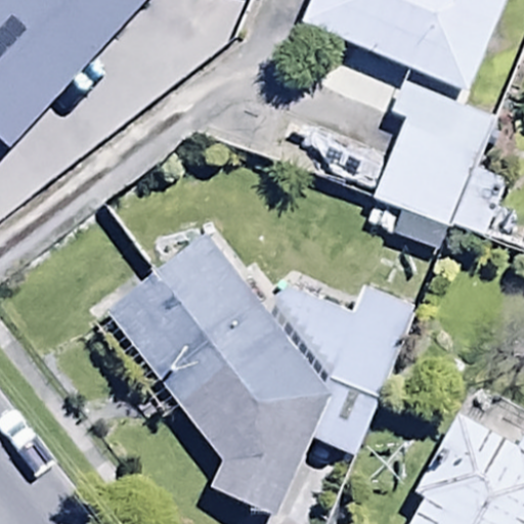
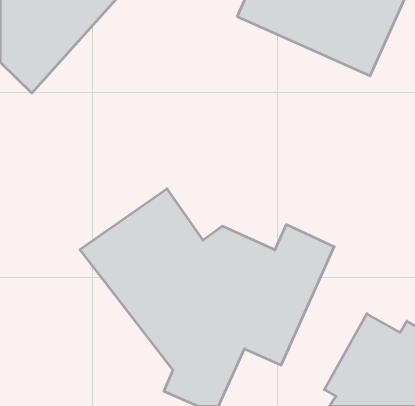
building: [372,80,509,237] -> none

